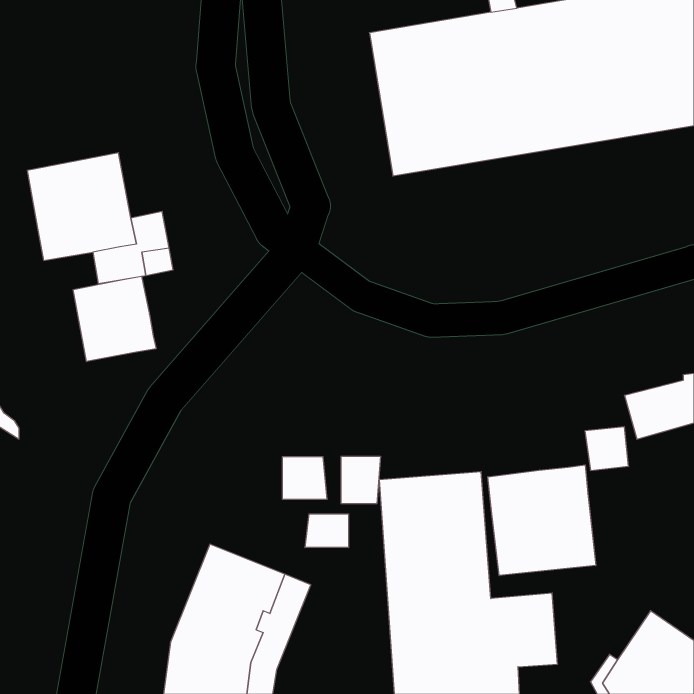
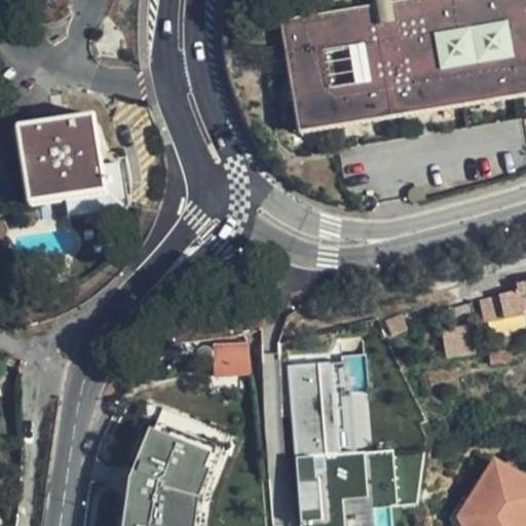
building: [73,276,156,362] -> none
building: [341,456,380,504] -> none
building: [488,465,596,576] -> none
building: [305,514,349,548] -> none

